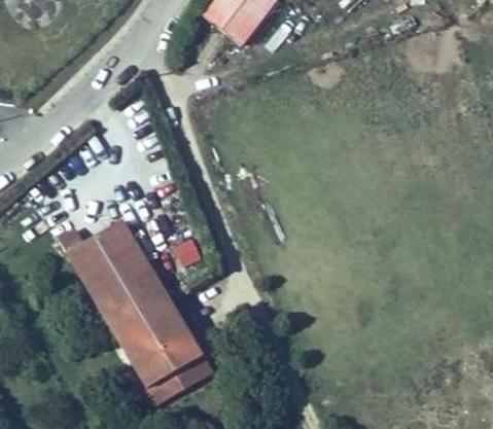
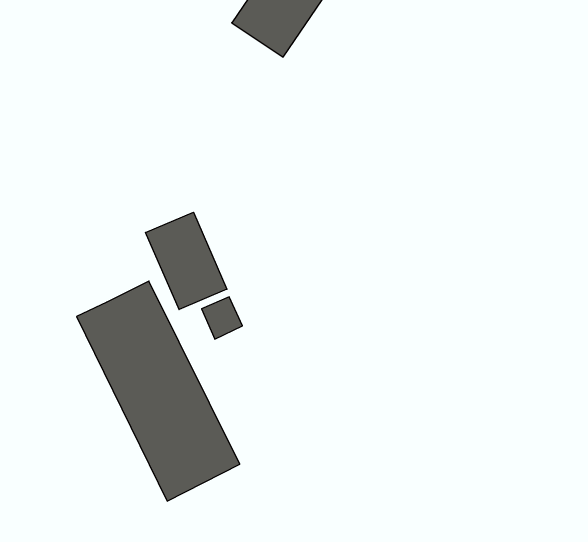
building: none -> [146,212,227,310]

